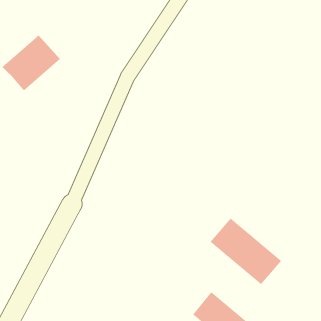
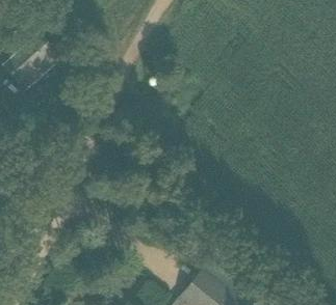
building: [209,218,282,285] -> none

